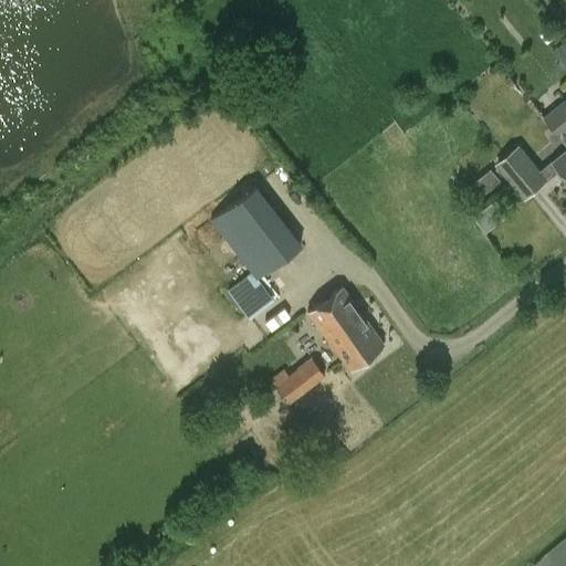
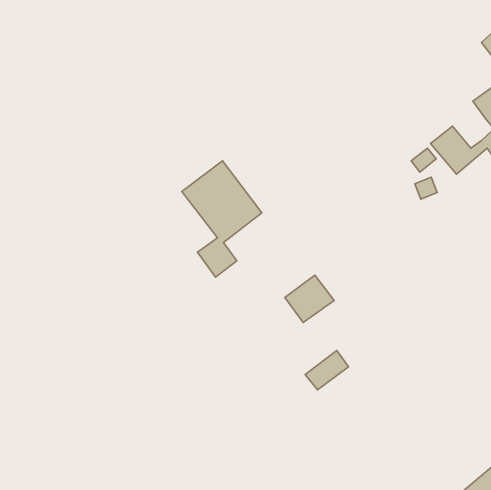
building: [307,290,363,344] -> none
building: [275,359,325,405] -> [305,350,348,390]

